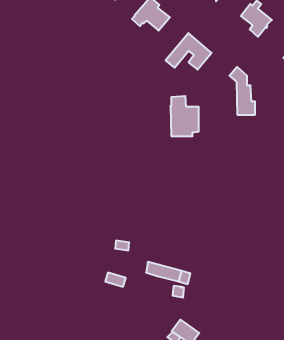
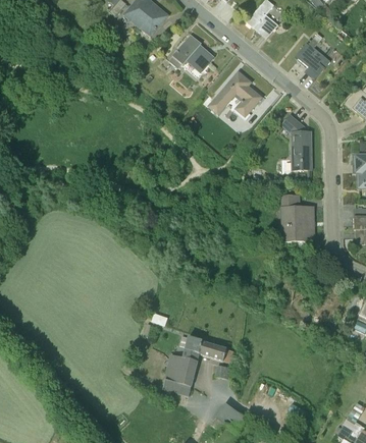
building: [170,96,199,136] -> [280,193,313,239]
building: none -> [163,349,199,395]

